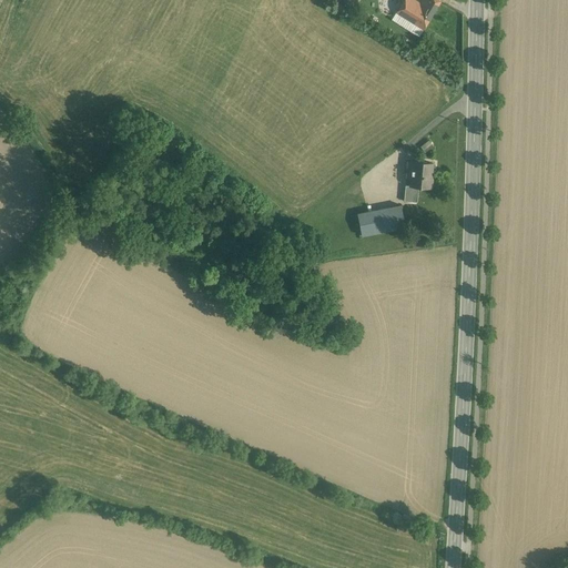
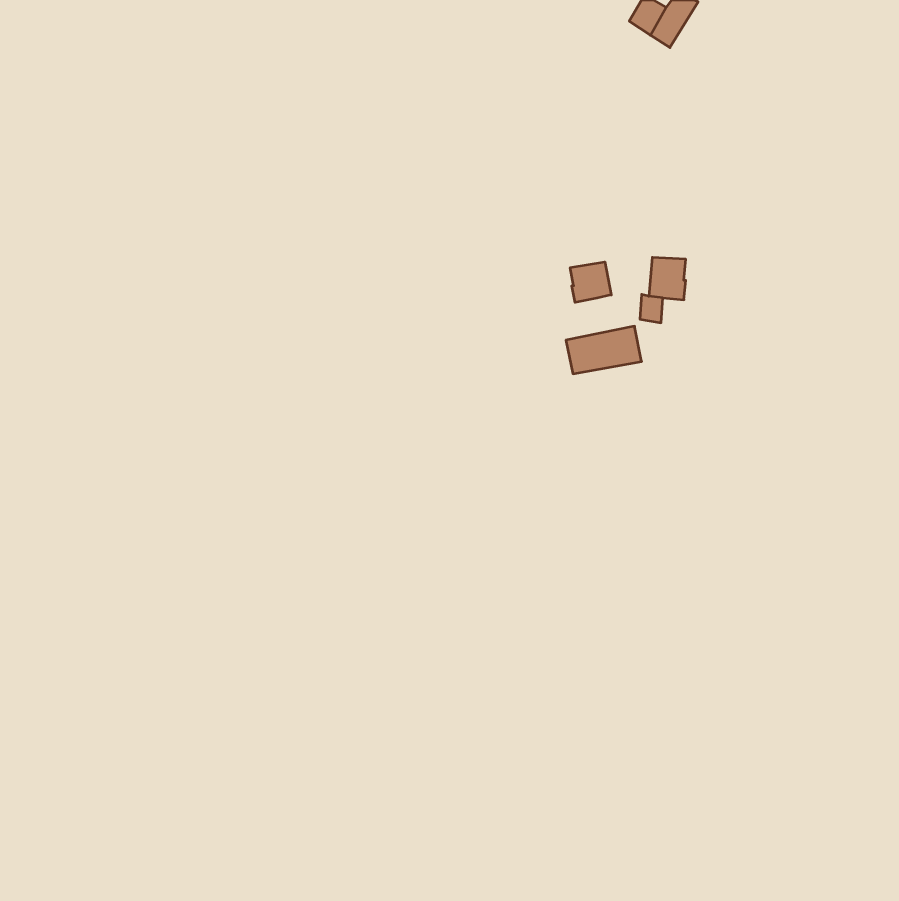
building: none -> [570,262,611,302]

